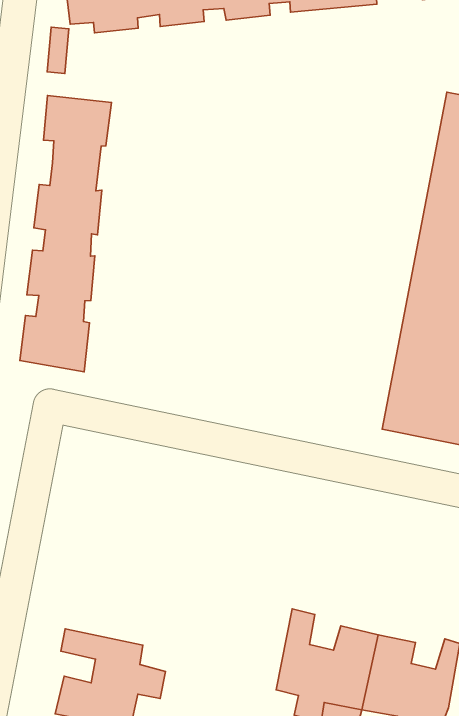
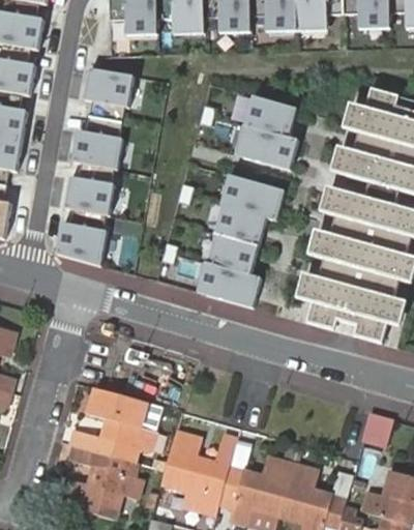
building: none -> [241,96,297,170]
building: none -> [204,177,283,306]
building: none -> [69,388,160,462]
building: none -> [159,430,233,510]

